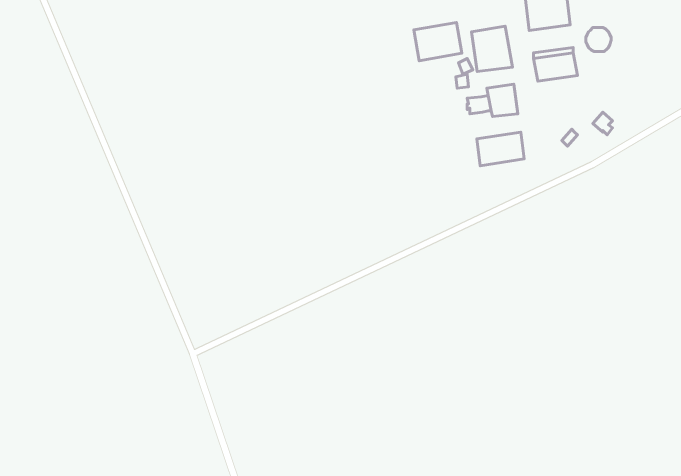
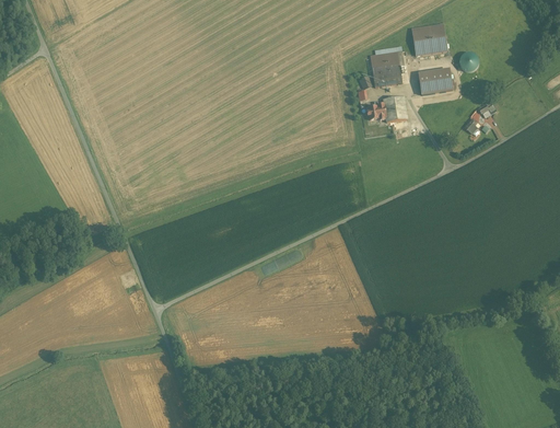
building: [414,22,462,61] -> none
building: [477,132,524,166] -> none

